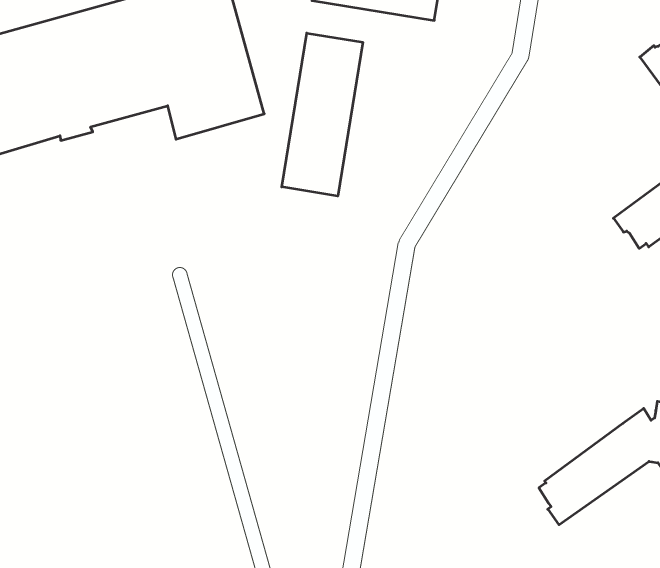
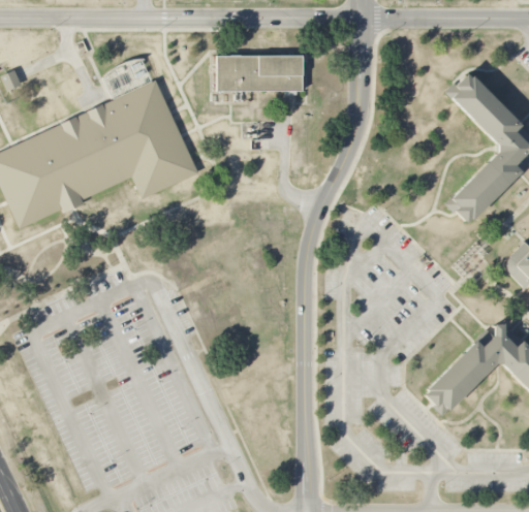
building: [282,33,363,196] -> none

